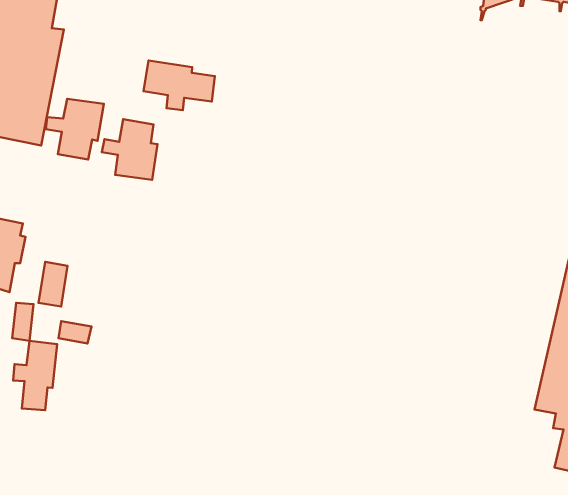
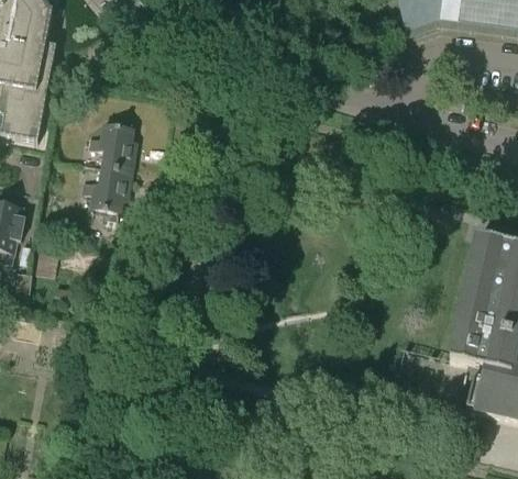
building: [144,61,215,110] -> none
building: [46,99,104,159] -> [81,164,130,214]
building: [13,341,57,410] -> none

